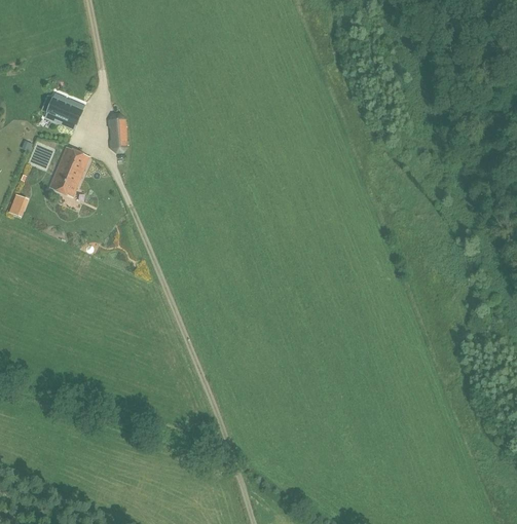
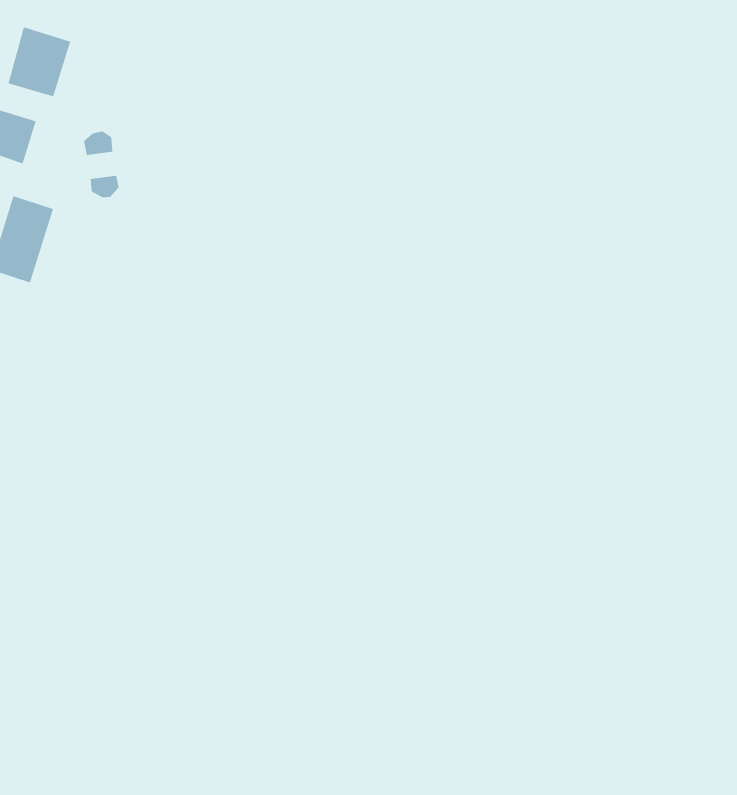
building: none -> [8,27,71,97]

